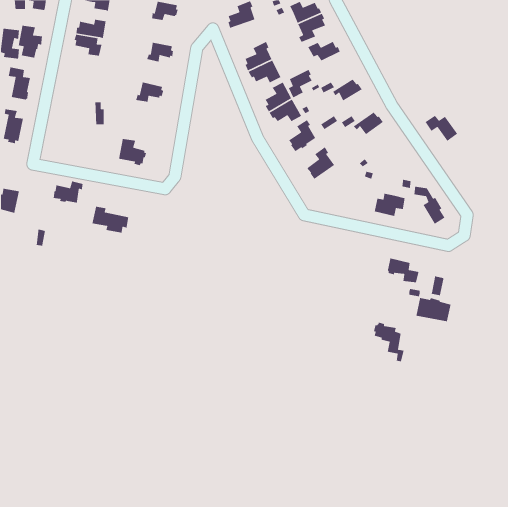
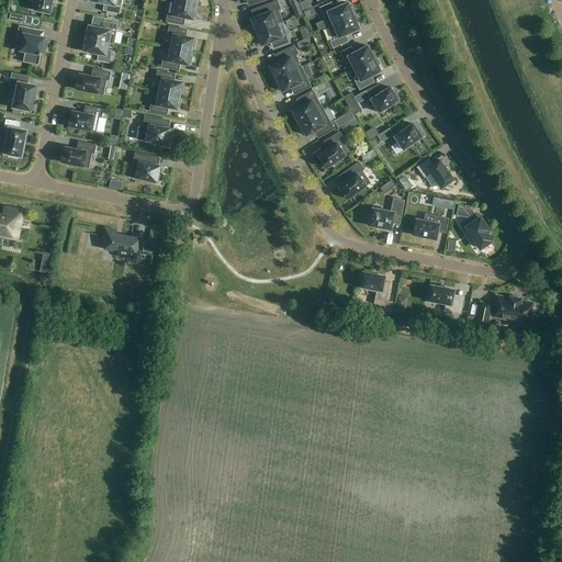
building: none -> [254,22,290,47]
building: none -> [168,25,195,50]
building: none -> [76,69,111,93]
building: none -> [157,70,183,95]
building: [288,69,313,99] -> [353,57,381,90]
building: none -> [68,106,103,131]
building: none -> [136,115,172,146]
building: [424,115,458,142] -> [416,158,453,188]
building: none -> [367,198,404,231]
building: [53,180,84,203] -> [61,142,95,167]
building: [416,297,451,322] -> [493,295,532,323]
building: [373,321,405,362] -> [358,269,393,314]

